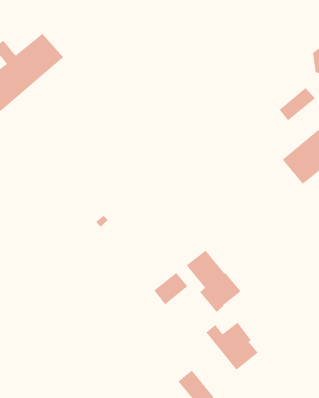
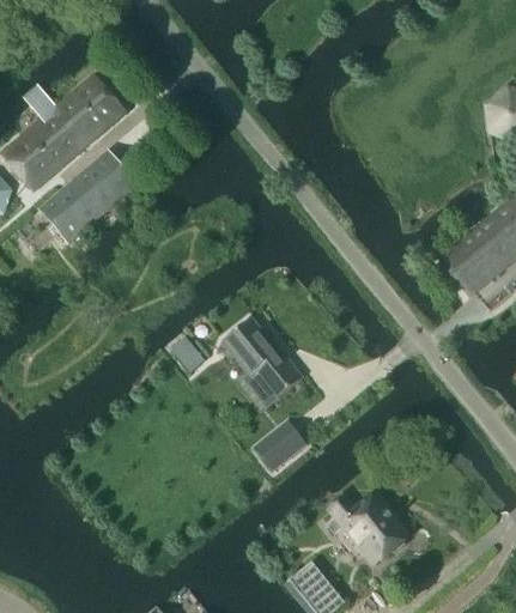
building: none -> [40,151,136,243]
building: [279,87,316,121] -> none
building: [186,250,241,313] -> [223,317,303,408]

